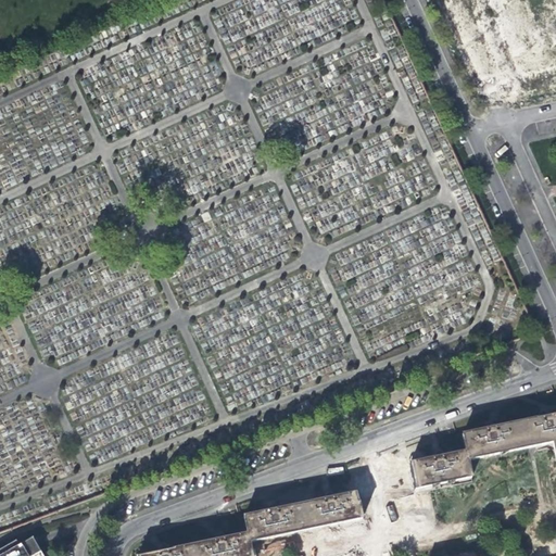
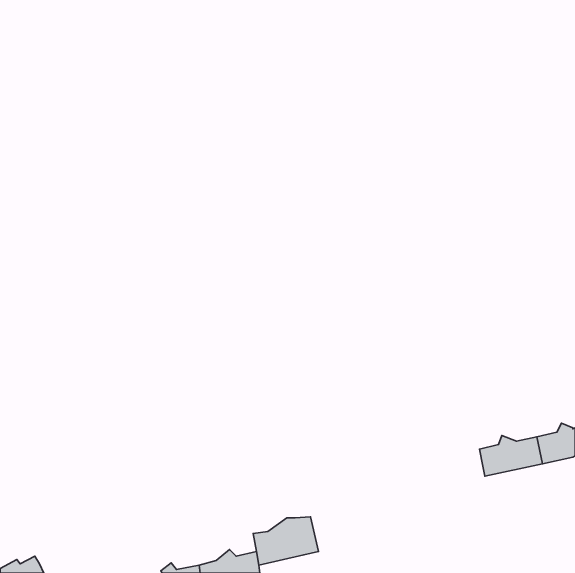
building: [408,447,472,492] -> none
building: [300,488,363,532] -> none

